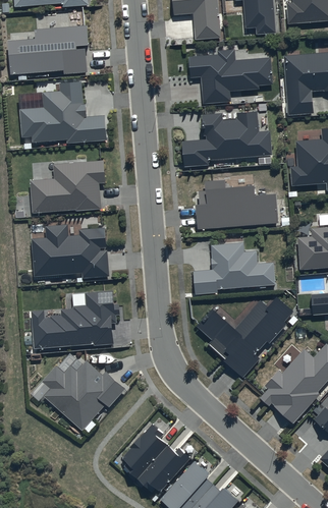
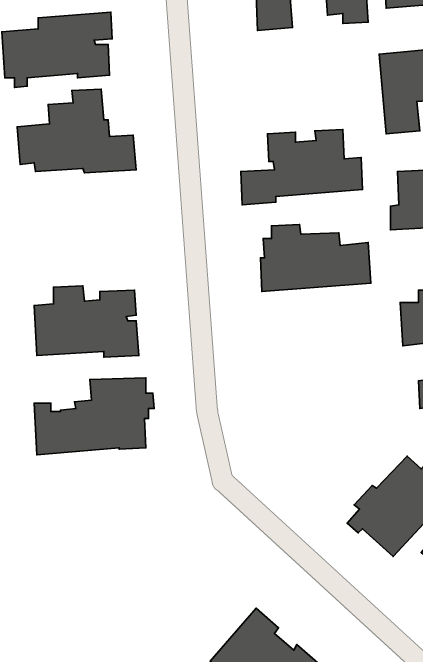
building: [188,50,271,103] -> none
building: [30,160,103,212] -> none
building: [193,242,274,293] -> none
building: [197,296,292,377] -> none
building: [41,360,123,430] -> none
building: [120,424,189,492] -> none

